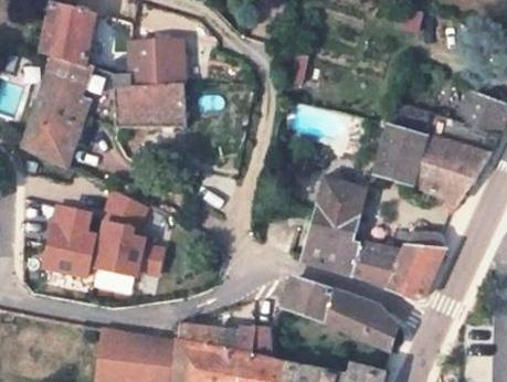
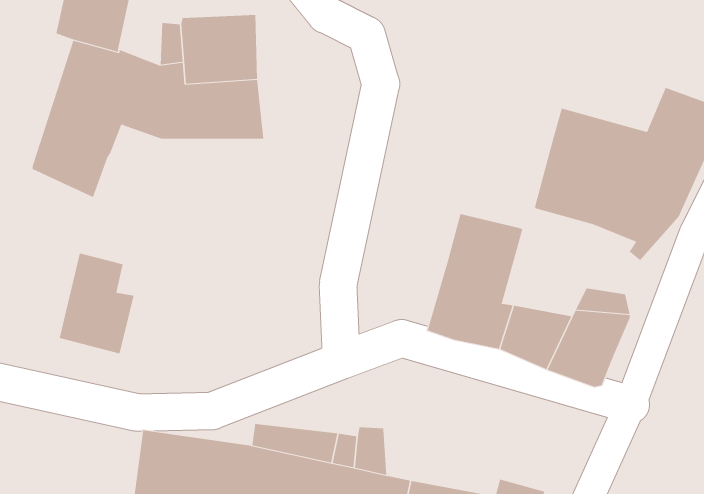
building: [95,189,162,276] -> none
building: [281,277,399,350] -> none

